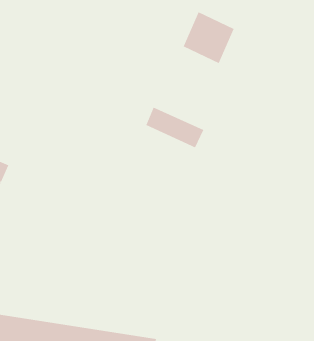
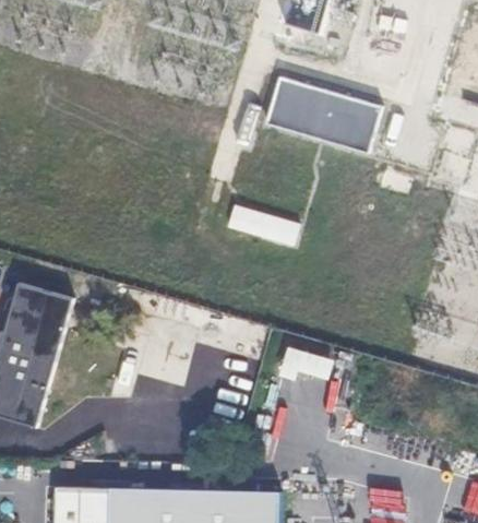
building: none -> [312,93,379,154]

